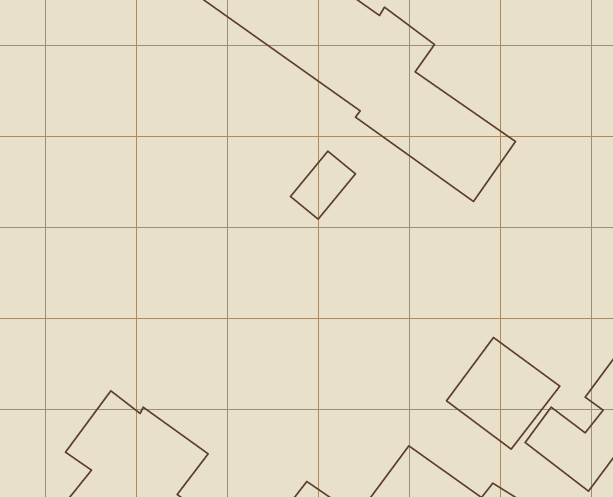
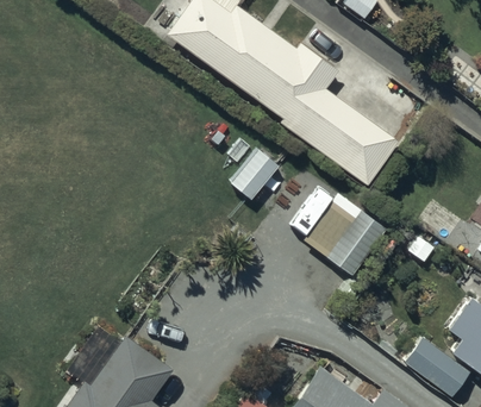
building: [447,338,560,449] -> [305,194,388,276]

